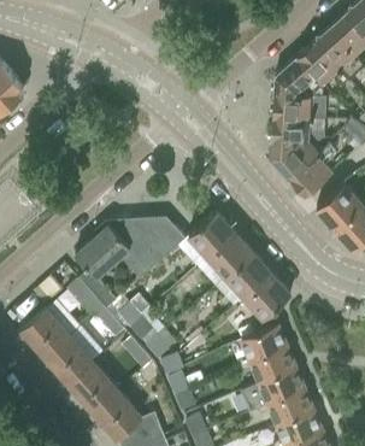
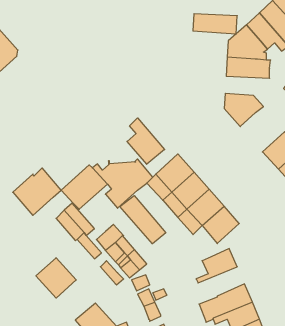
building: [272,118,325,142] -> [193,14,237,34]
building: [290,145,336,194] -> none
building: none -> [127,118,165,164]
building: none -> [120,196,166,244]
building: [22,300,80,357] -> [13,168,61,215]
building: [240,346,295,381] -> none
building: [70,362,117,410] -> none

